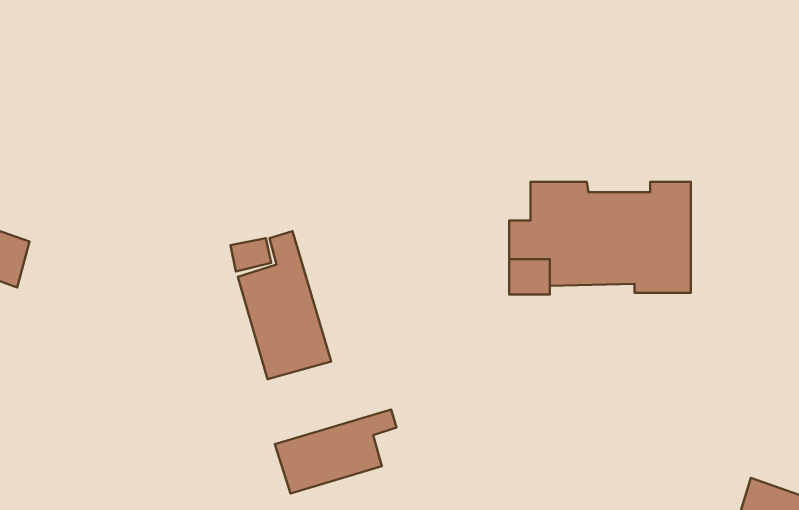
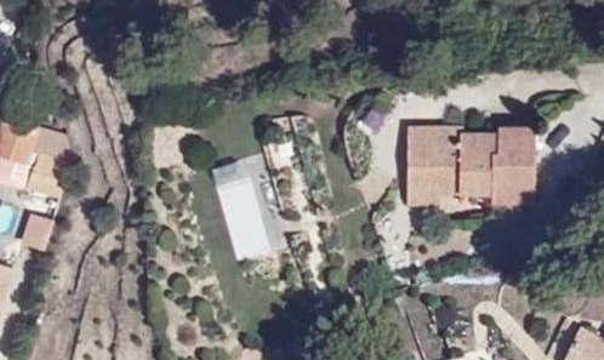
building: [275,409,396,494] -> none

